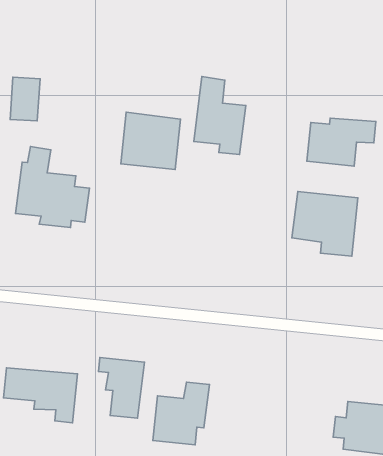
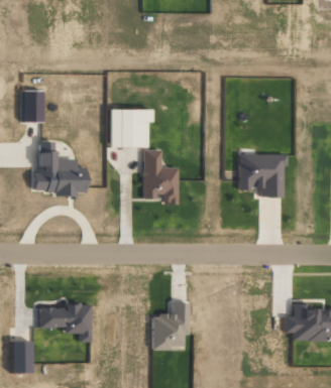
building: [194,76,246,154] -> [143,148,179,203]
building: [307,118,376,166] -> none
building: [98,358,144,418] -> none

